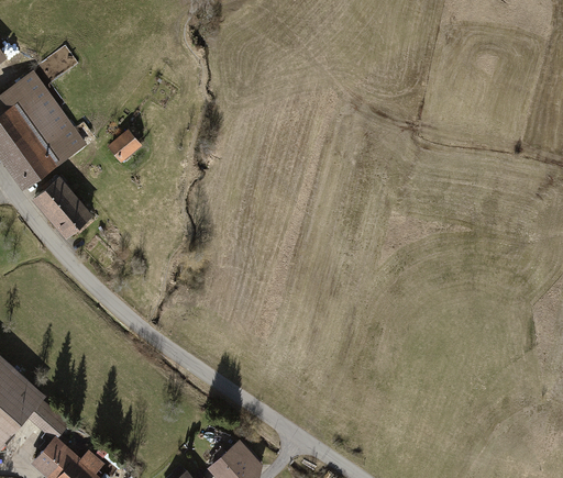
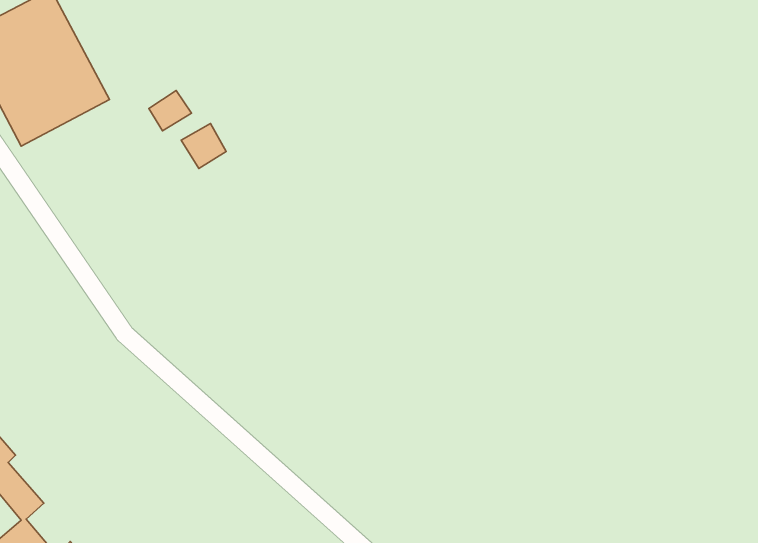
building: none -> [181,124,226,168]
building: [35,179,89,235] -> none

